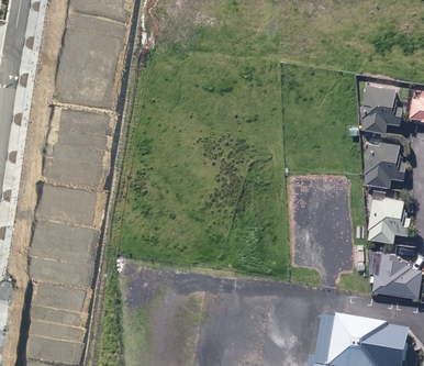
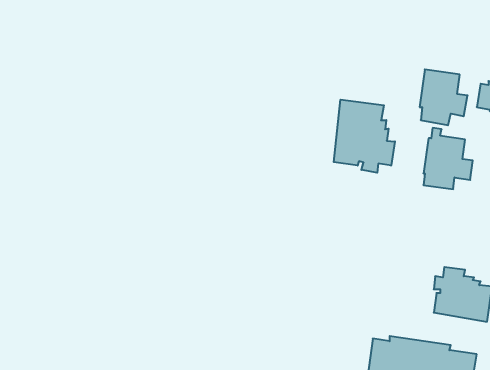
building: none -> [334,100,395,173]
building: [367,199,410,244] -> none

